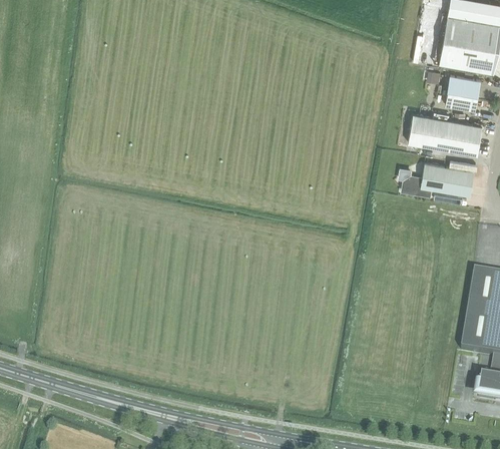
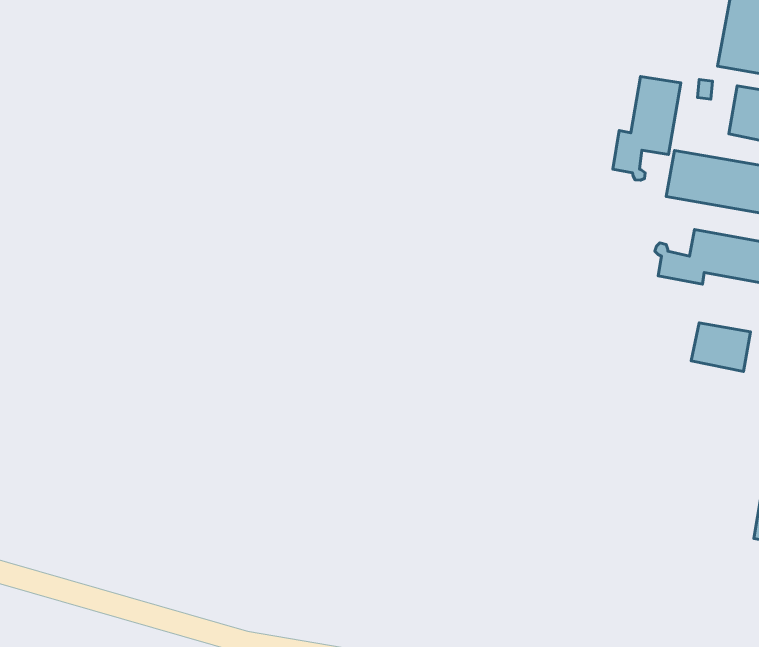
building: none -> [613,77,681,180]
building: none -> [691,323,751,372]

